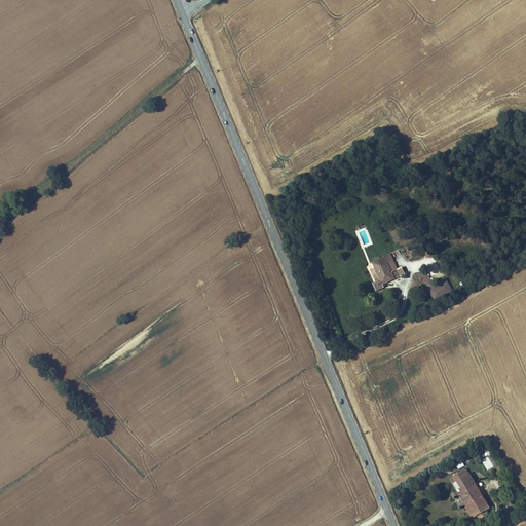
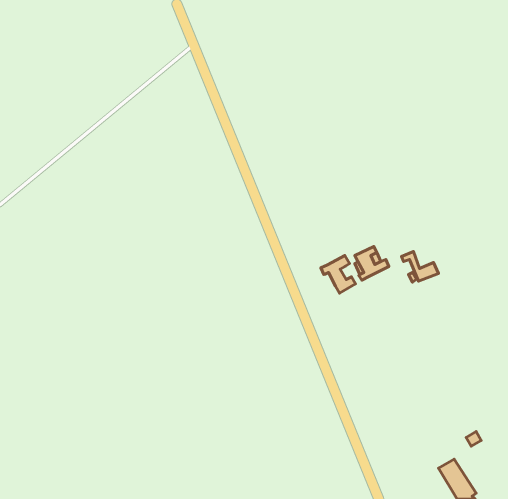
building: none -> [321,256,355,293]

